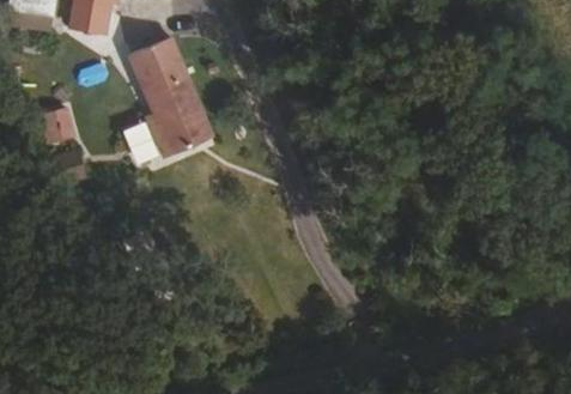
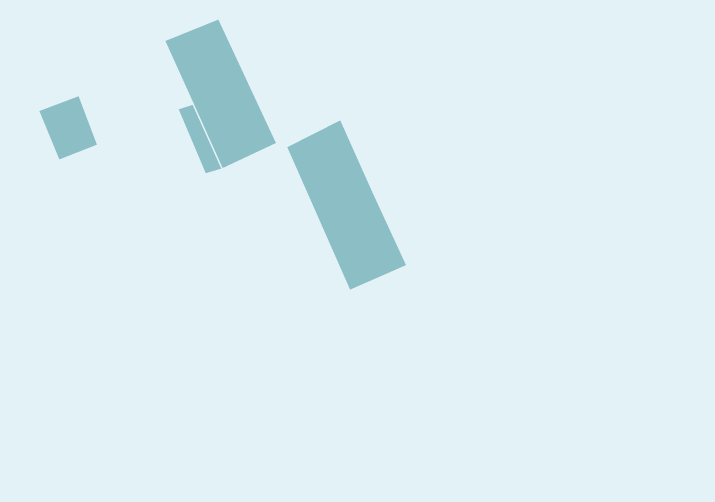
building: none -> [287,119,407,290]

